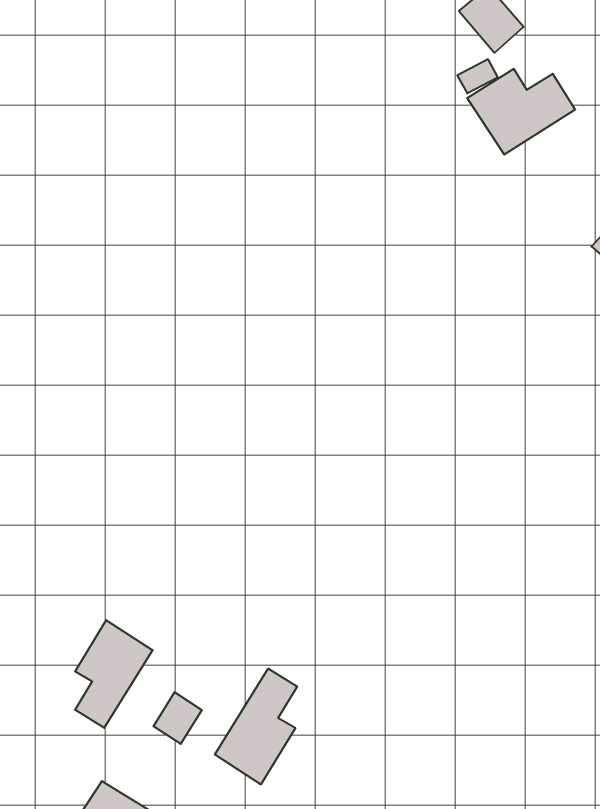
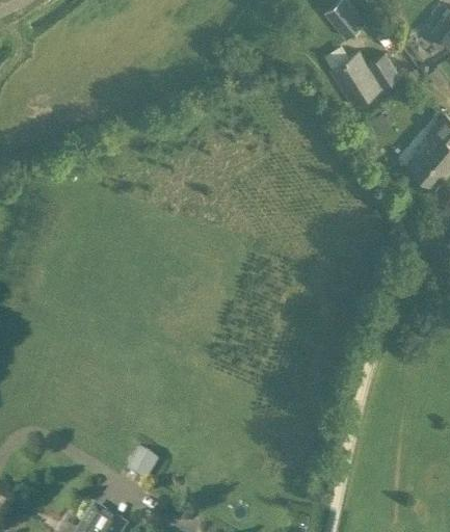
building: [75,620,153,728] -> none
building: [215,669,297,784] -> none

